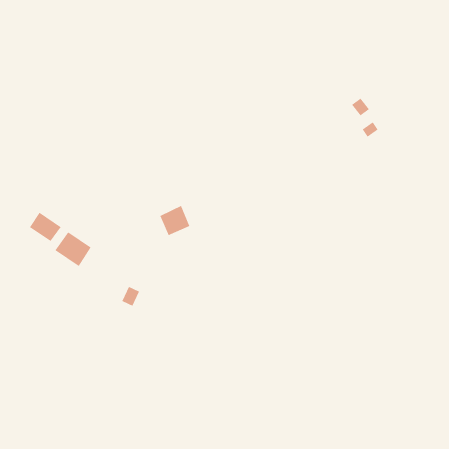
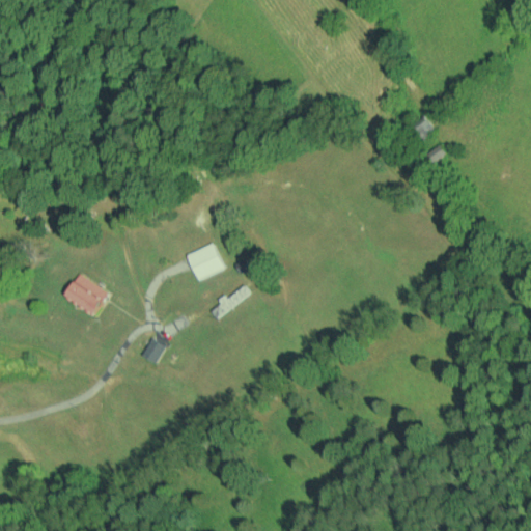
building: [29,212,62,242] -> none

